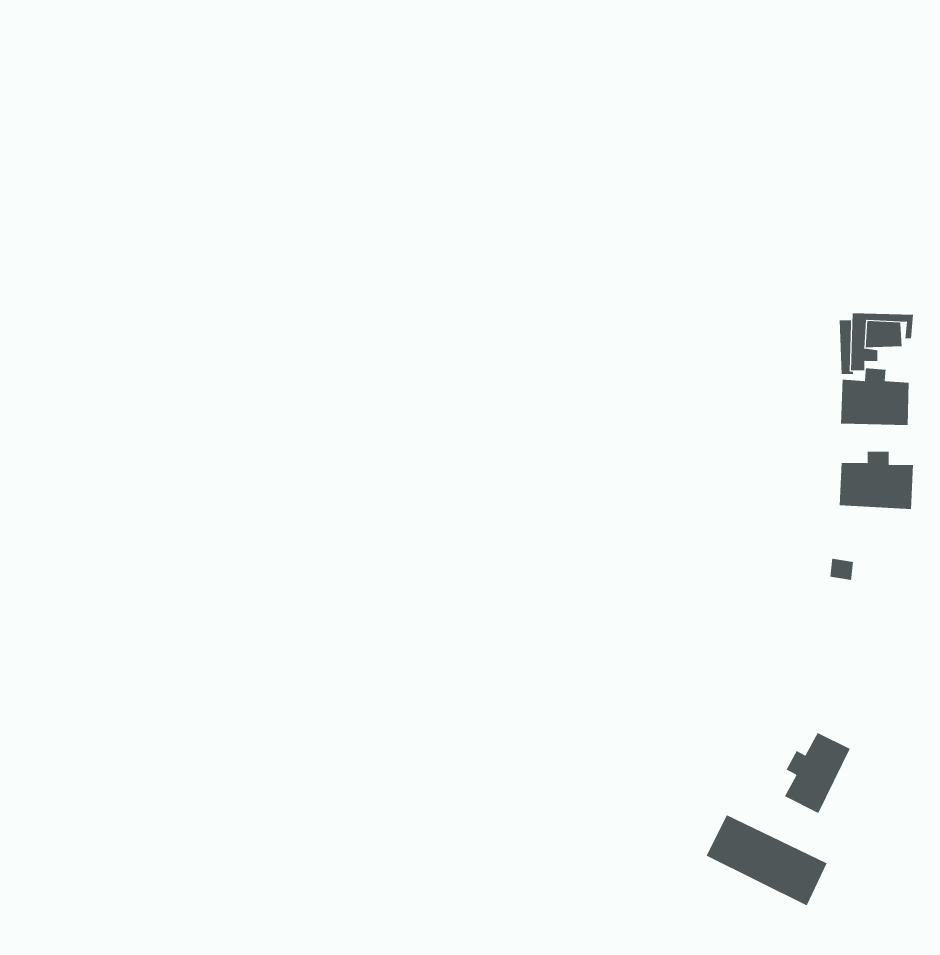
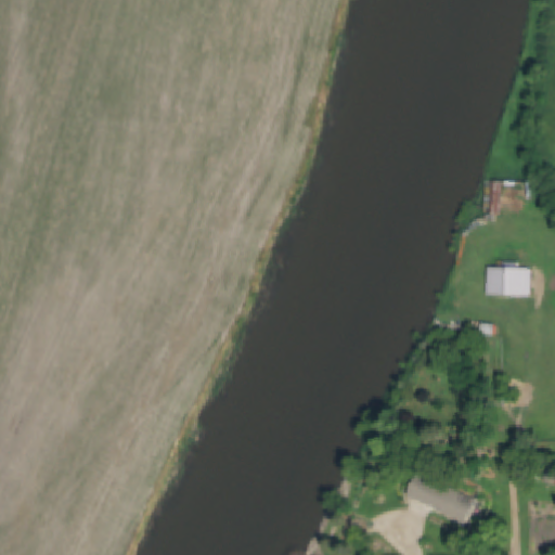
building: [841,367,909,426] -> none
building: [784,732,851,814] -> none

